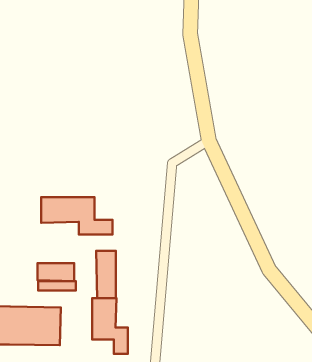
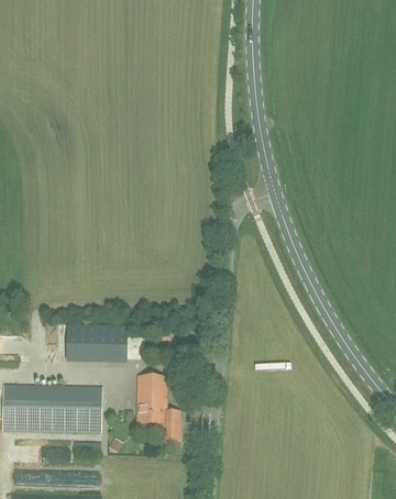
building: [41,197,113,235] -> none
building: [96,251,116,298] -> none

